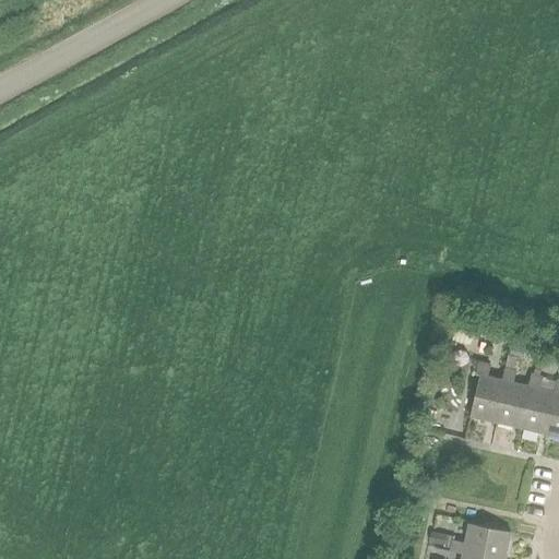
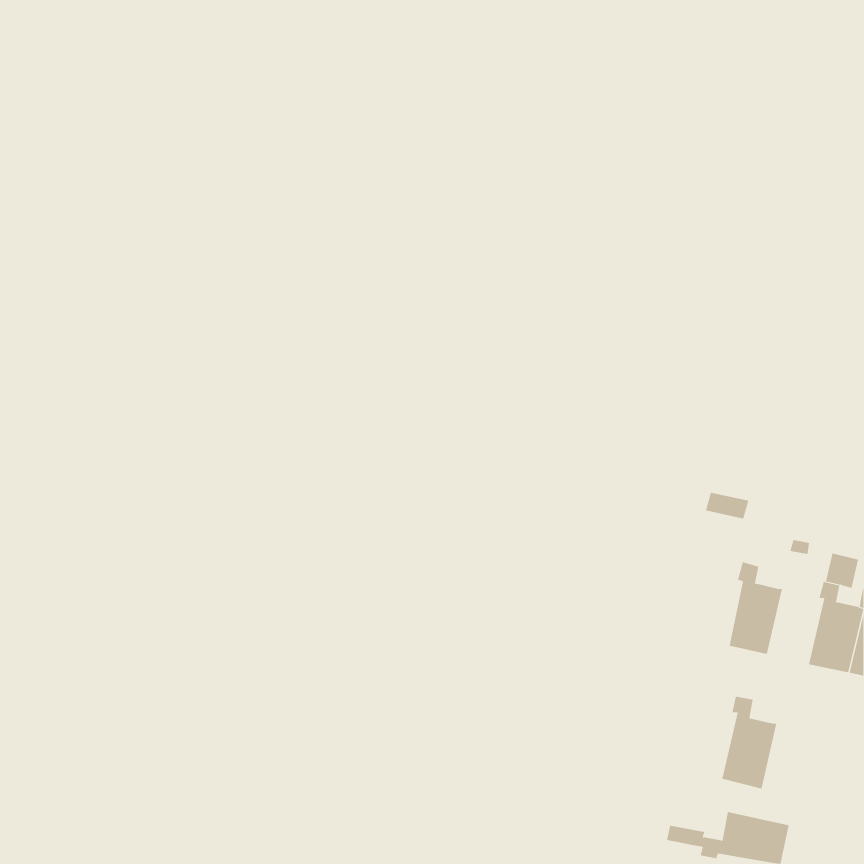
building: [496,369,532,429] -> [722,696,777,789]

